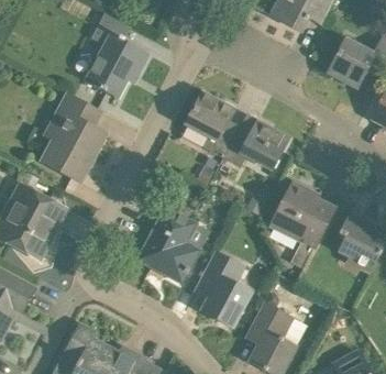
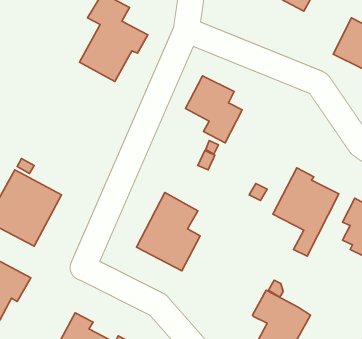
building: [38,91,106,183] -> none
building: [223,122,287,172] -> none
building: [195,251,251,327] -> none

